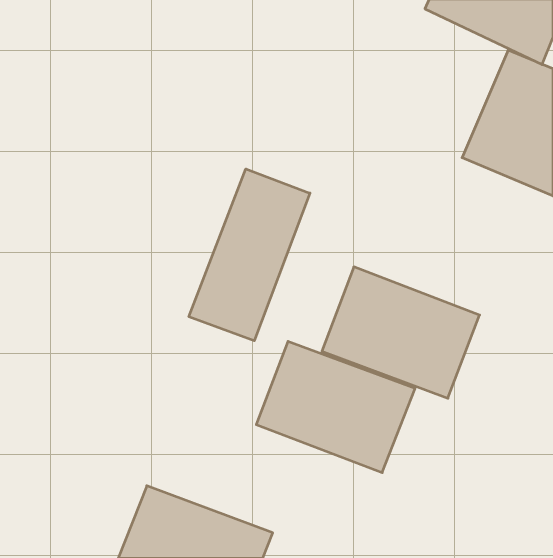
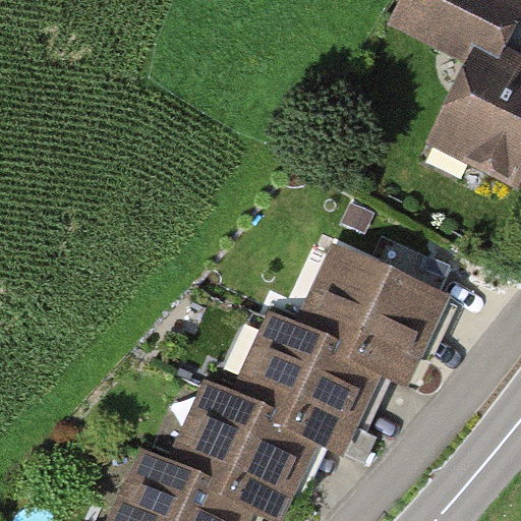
building: [189,169,310,341] -> none
building: none -> [177,385,324,507]

